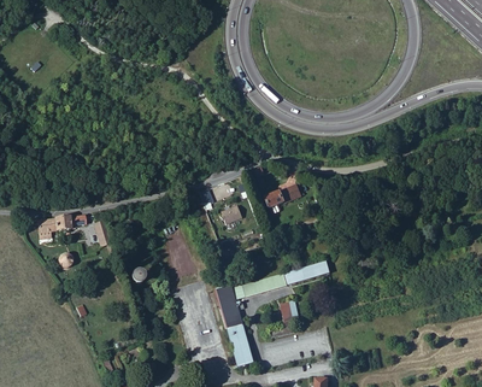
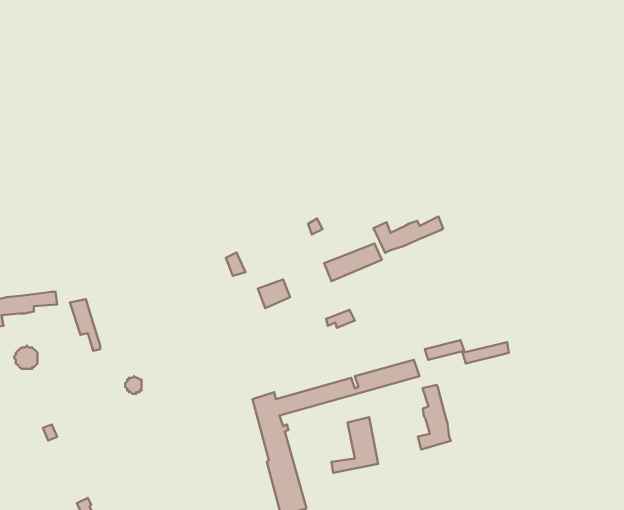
building: none -> [373,217,443,253]
building: none -> [418,385,451,449]

